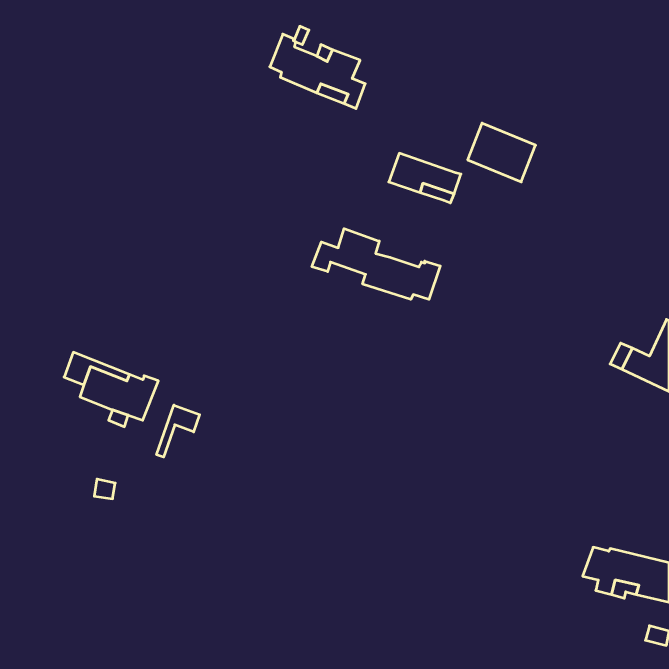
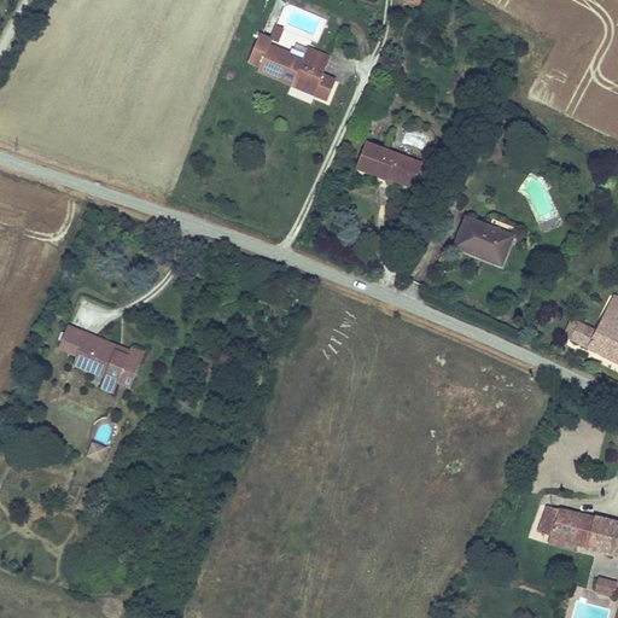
building: [468,123,536,182] -> [454,214,517,268]
building: [312,229,440,299] -> none
building: [157,405,200,457] -> none

